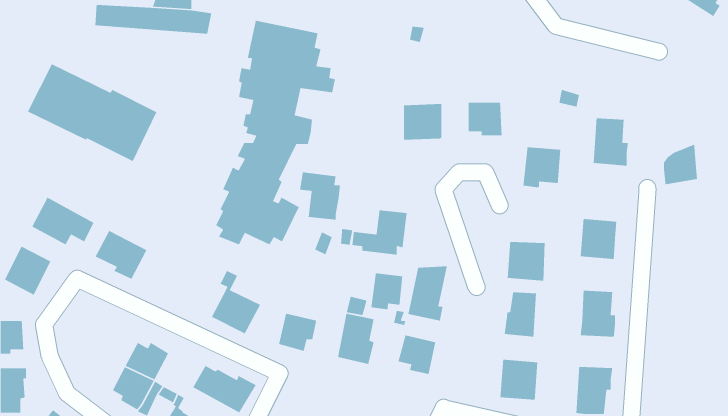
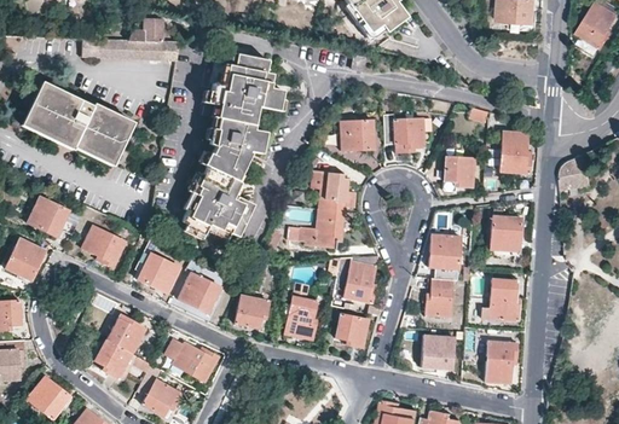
building: [299,172,341,220] -> [313,170,348,211]
building: none -> [139,255,180,295]
building: [370,273,403,310] -> none

